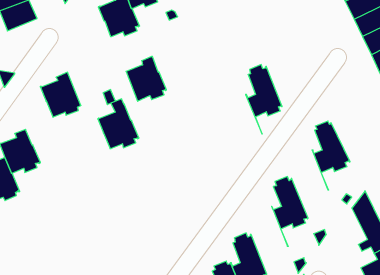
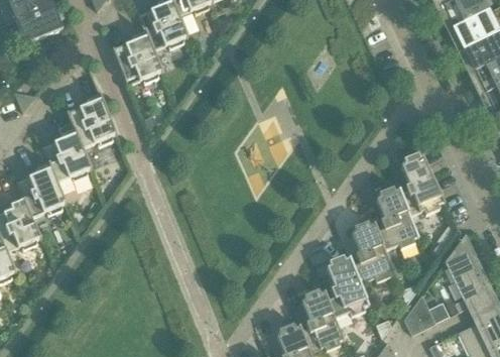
building: [126,57,166,101] -> [113,30,162,85]
building: [246,65,282,134] -> [373,186,417,270]
building: [98,99,139,149] -> [41,121,92,182]
building: none -> [326,254,368,317]
building: none -> [404,293,434,334]

